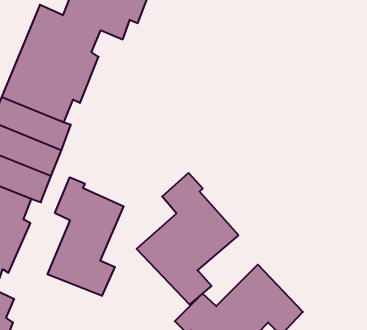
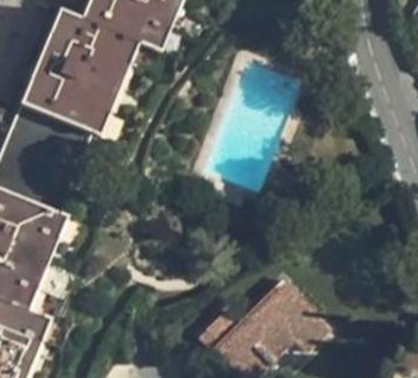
building: [137,173,238,304] -> none
building: [47,177,124,296] -> none

